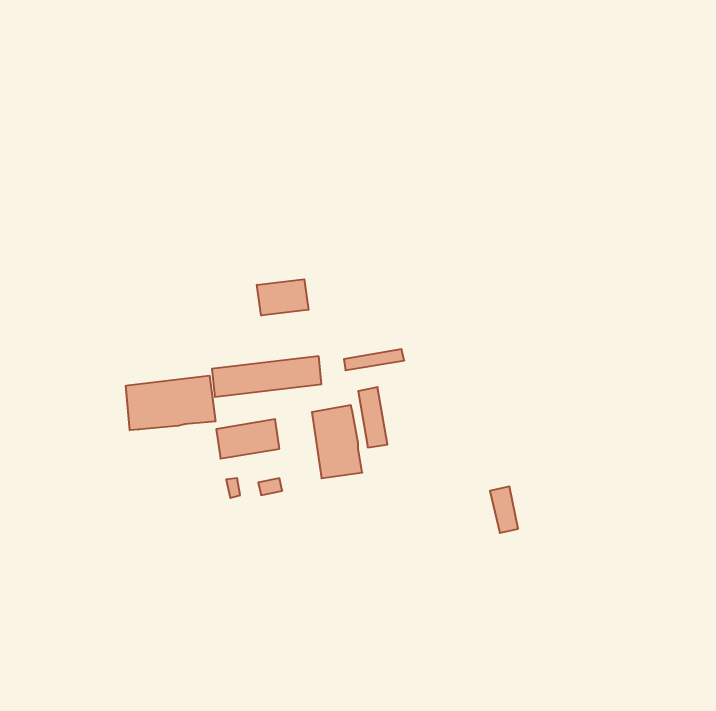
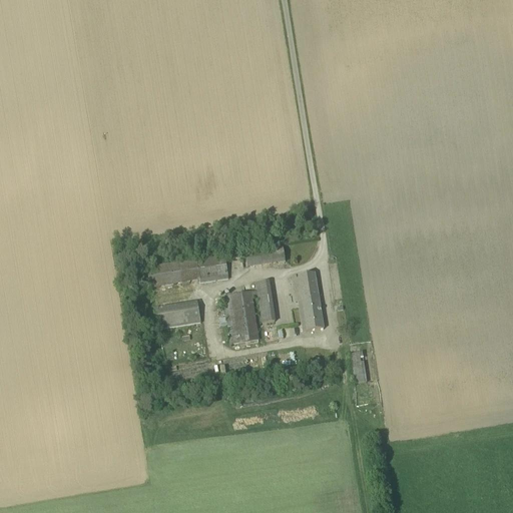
building: [257,279,308,316] -> none
building: [126,376,215,430] -> none
building: none -> [293,271,325,330]

